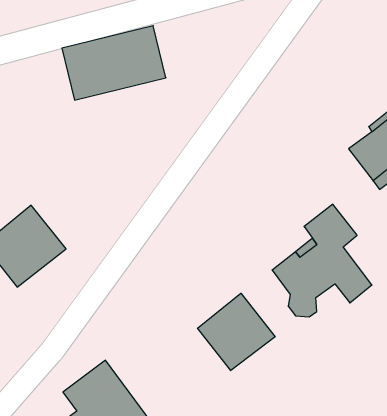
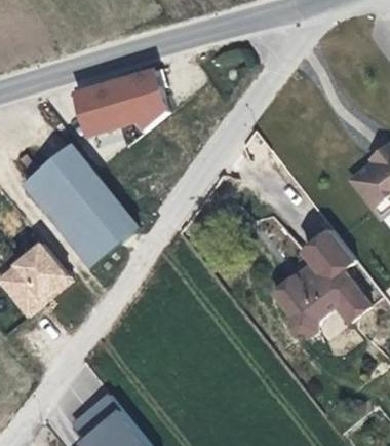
building: none -> [23,151,131,268]
building: [198,293,275,371] -> none

